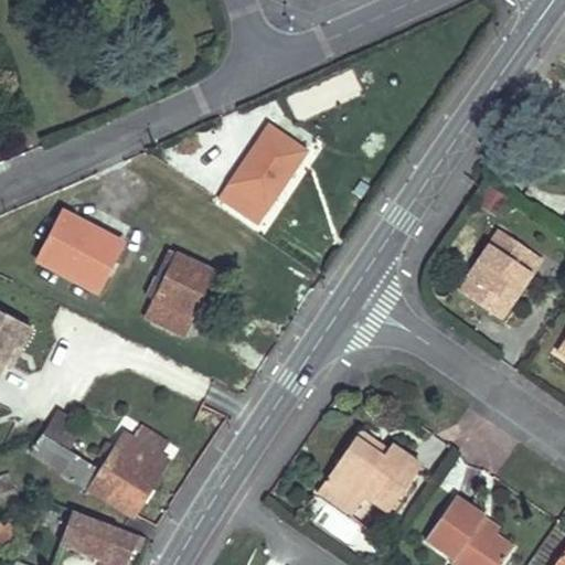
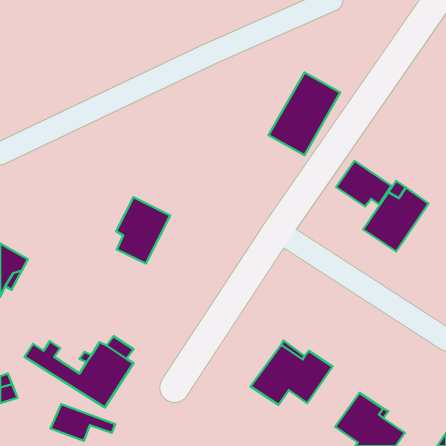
building: [216,125,307,230] -> [269,72,340,155]
building: none -> [336,161,391,207]
building: [40,212,126,294] -> none

